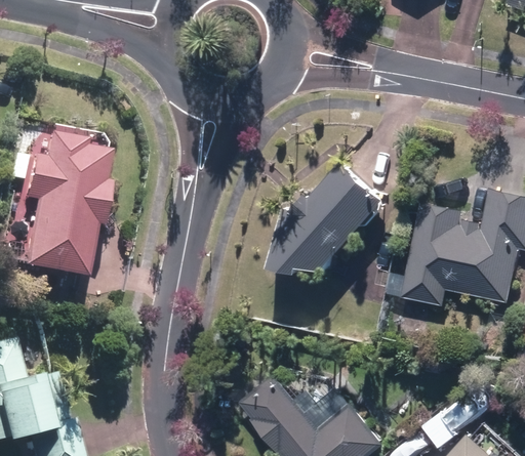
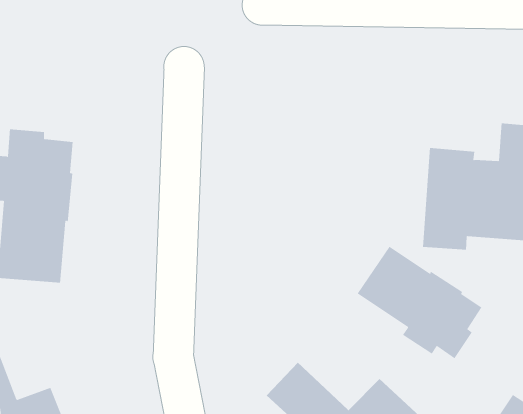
building: [268,166,379,275] -> none
building: none -> [357,246,482,359]

